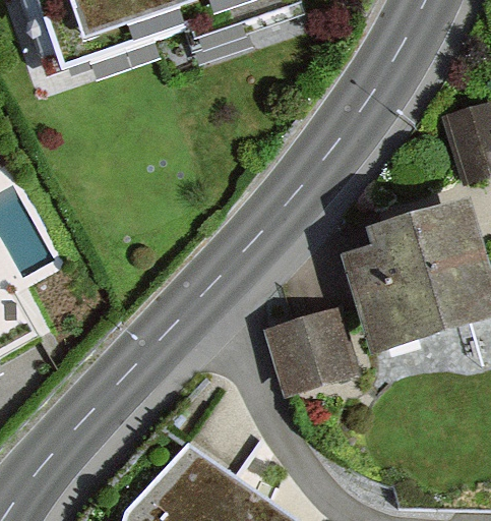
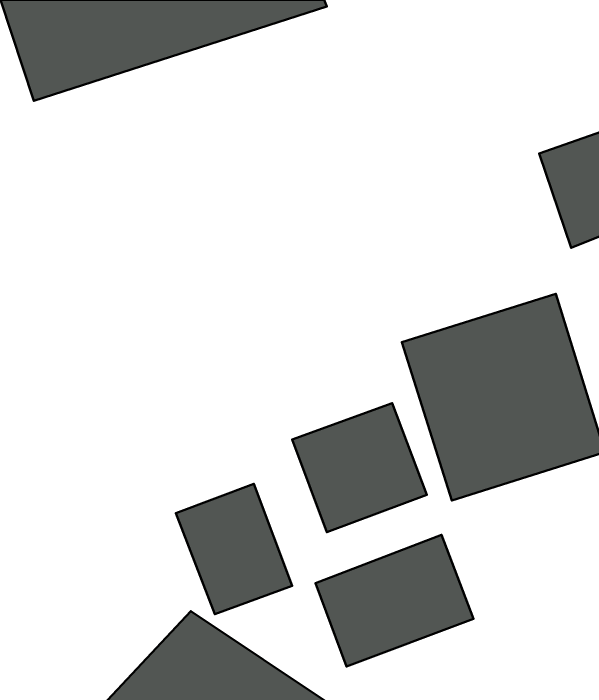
building: none -> [176,484,292,614]
building: none -> [316,535,473,666]

